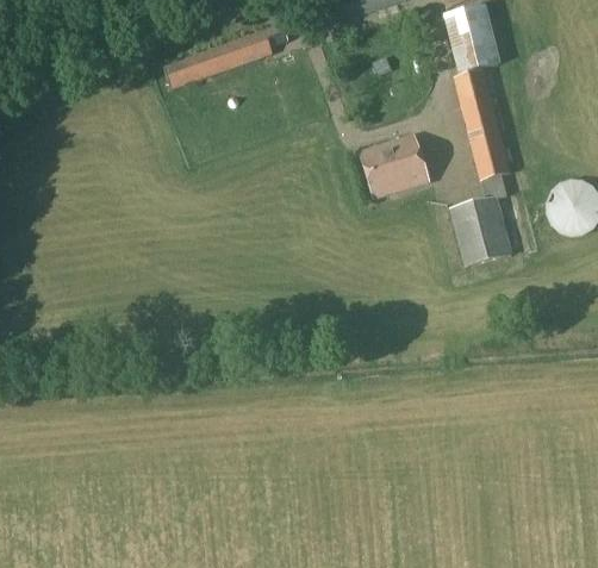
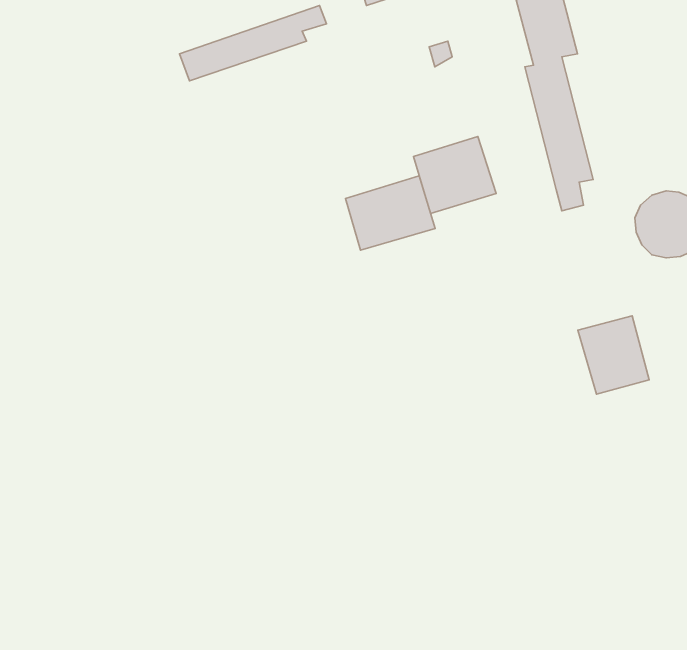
building: none -> [345,176,435,250]
building: [453,195,512,261] -> [578,316,649,394]

